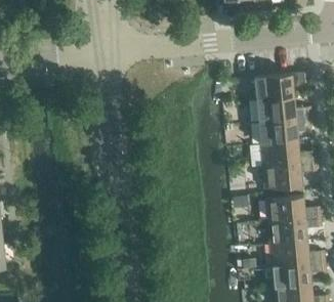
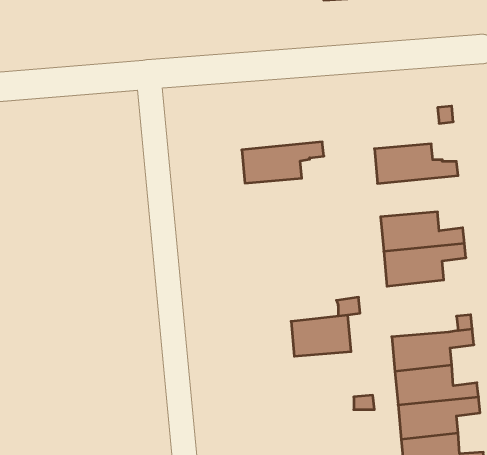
building: [254,73,293,99] -> none
building: [258,117,311,143] -> [242,142,324,183]
building: [265,195,304,221] -> [291,315,351,356]

